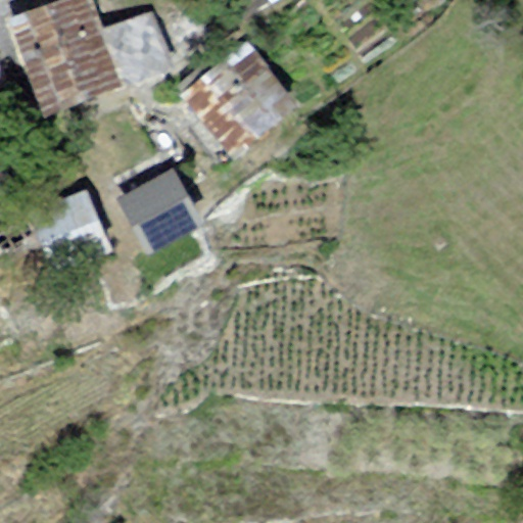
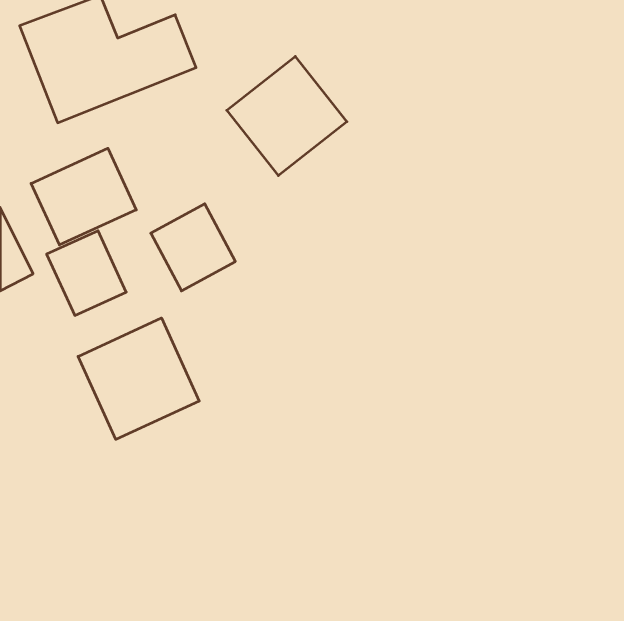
building: none -> [31,148,136,245]
building: none -> [78,318,199,439]

